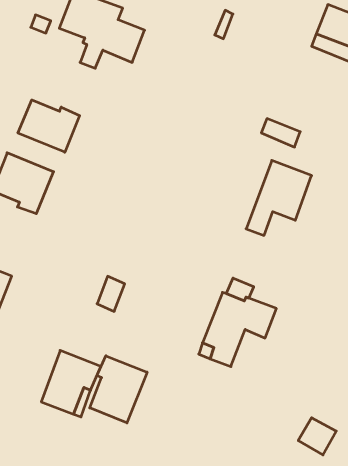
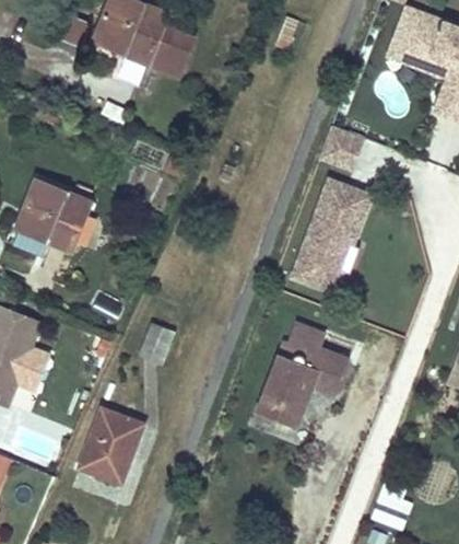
building: [18,100,80,152] -> none
building: [90,356,147,423] -> none

